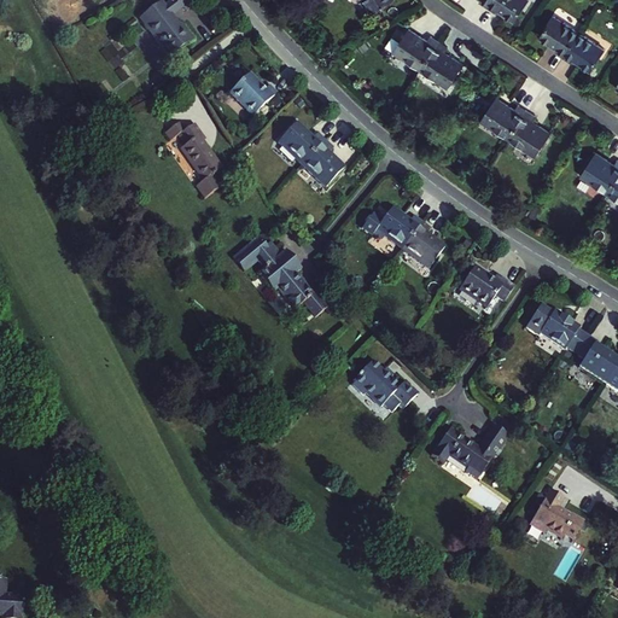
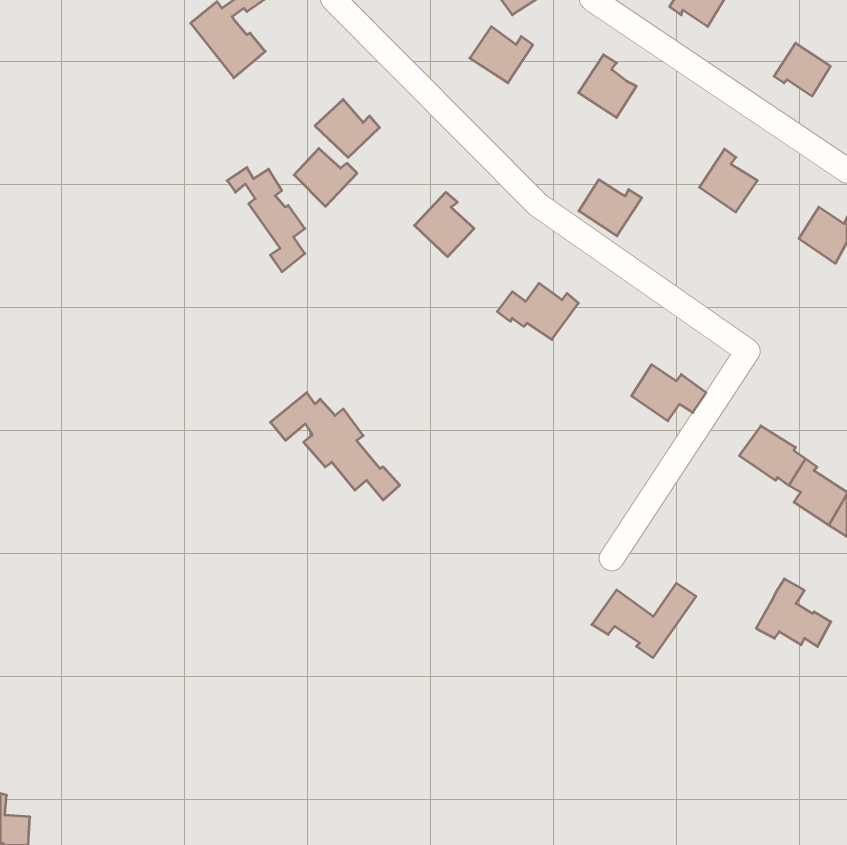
building: [540,14,579,56] -> none
building: [393,27,439,68] -> [470,27,533,83]
building: [482,95,527,136] -> [579,180,642,236]
building: [279,122,325,164] -> [294,148,357,206]
building: [402,221,445,267] -> none
building: [233,238,327,316] -> [270,392,400,500]
building: [354,360,418,408] -> none
building: [529,489,583,538] -> [756,579,831,647]

